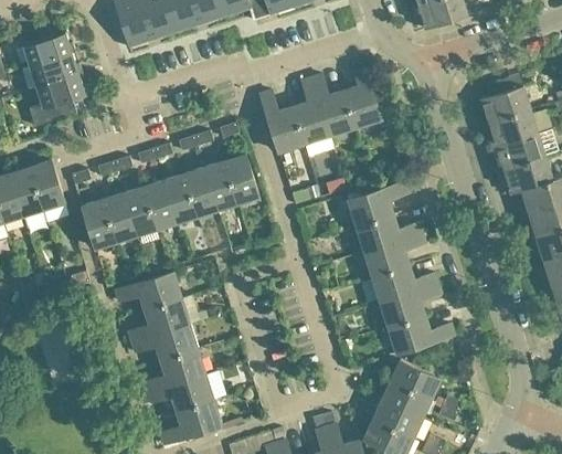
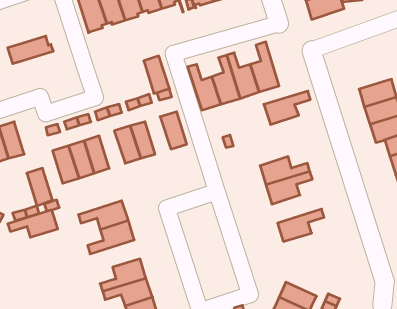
building: [22,32,75,66] -> none
building: [29,74,88,126] -> none
building: [479,86,530,124] -> none
building: [30,160,64,210] -> [27,168,53,206]
building: [203,160,237,210] -> [144,56,170,93]
building: [142,179,177,229] -> none
building: [347,181,409,225] -> [264,91,310,124]
building: [371,264,437,302] -> none
building: [386,315,454,353] -> none
building: [130,324,197,360] -> [8,210,58,237]
building: [390,360,439,399] -> none

